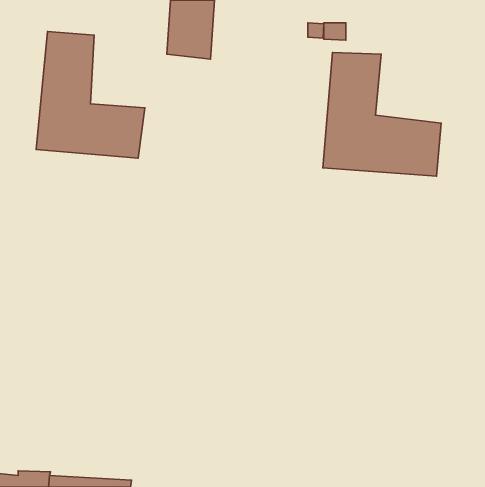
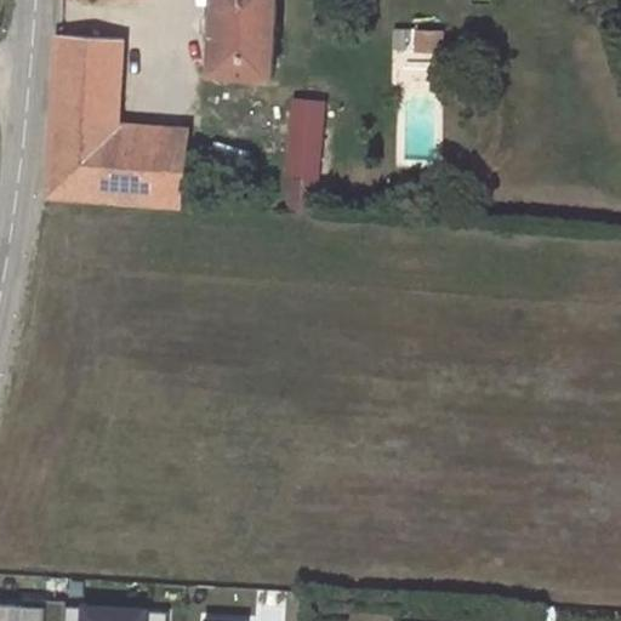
building: [323,53,441,176] -> none
building: none -> [281,93,323,211]

